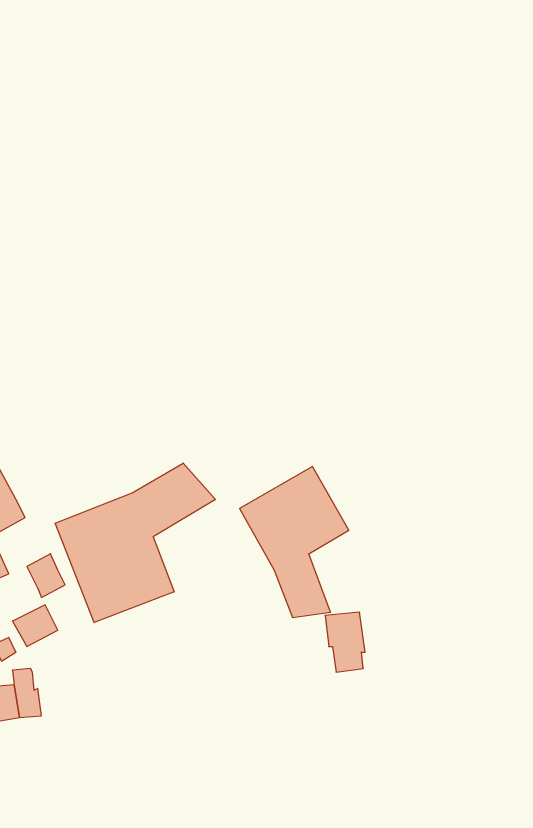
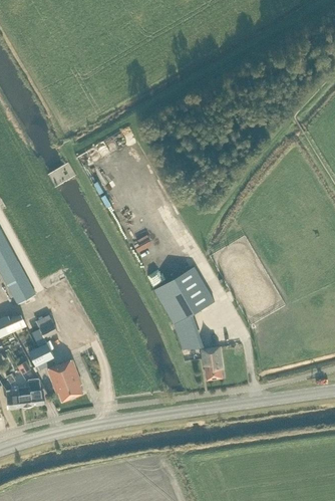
building: [55,463,215,623] -> none
building: none -> [47,359,83,401]

